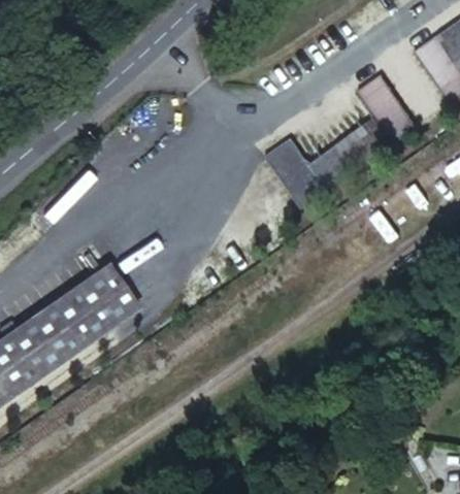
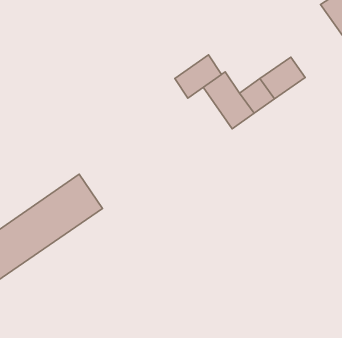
building: [357,74,418,143] -> none
building: none -> [175,55,221,98]

